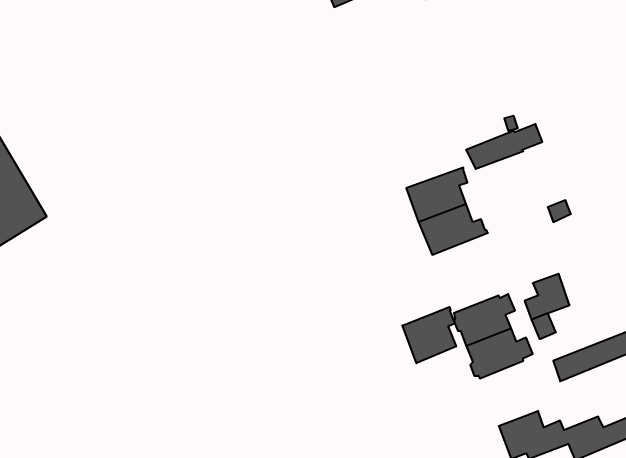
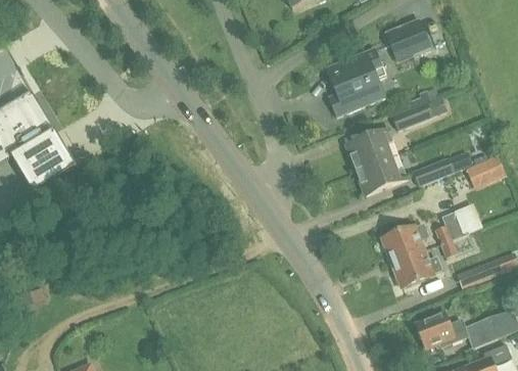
building: none -> [385,18,427,62]
building: none -> [324,48,385,117]
building: none -> [465,155,505,186]
building: none -> [412,156,454,186]
building: [402,307,456,363] -> none

